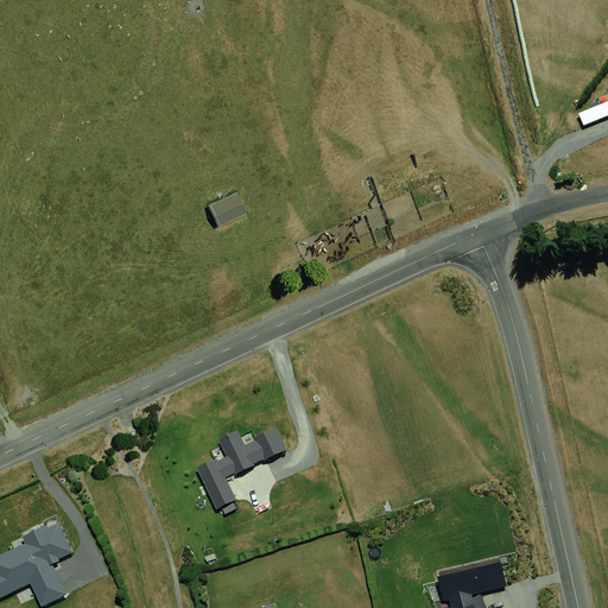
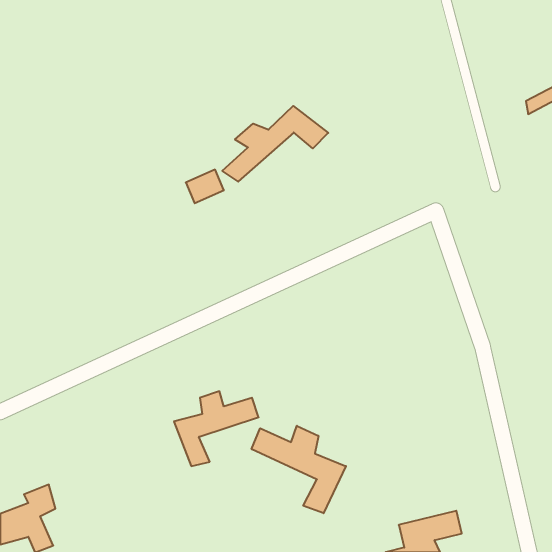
building: none -> [222,106,328,182]
building: none -> [252,426,346,513]

